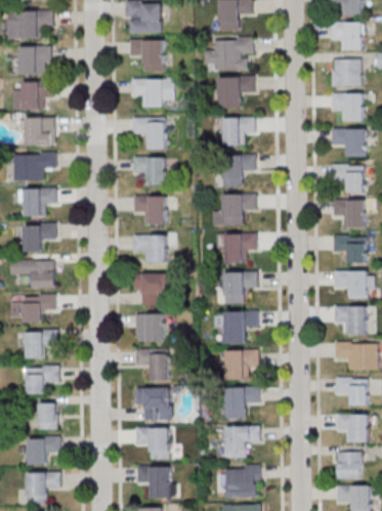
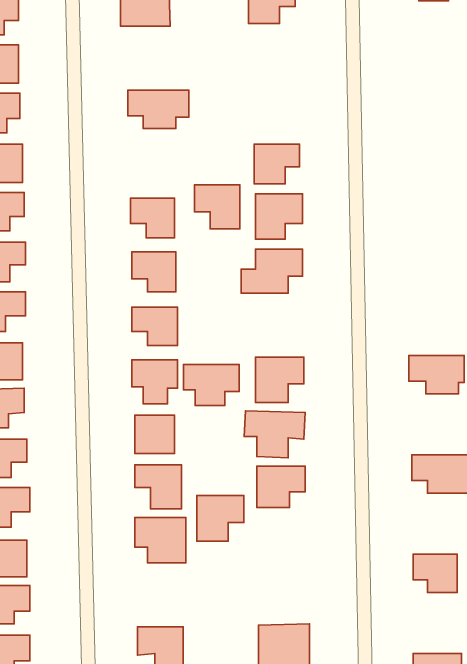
building: [330,23,362,50] -> none
building: [204,37,254,71] -> none
building: [130,39,164,72] -> none
building: [331,59,360,85] -> none
building: [217,77,254,108] -> none
building: [332,93,363,121] -> none
building: [132,118,165,150] -> [194,185,240,229]
building: [331,128,366,157] -> none
building: [331,165,364,193] -> none
building: [333,200,364,227] -> none
building: [216,233,256,263] -> [184,364,239,406]
building: [333,236,365,263] -> none
building: [333,306,366,334] -> none
building: [335,378,367,406] -> none
building: [225,387,259,420] -> [197,496,244,541]
building: [225,426,259,457] -> none
building: [135,428,169,459] -> none
building: [336,452,363,478] -> none

